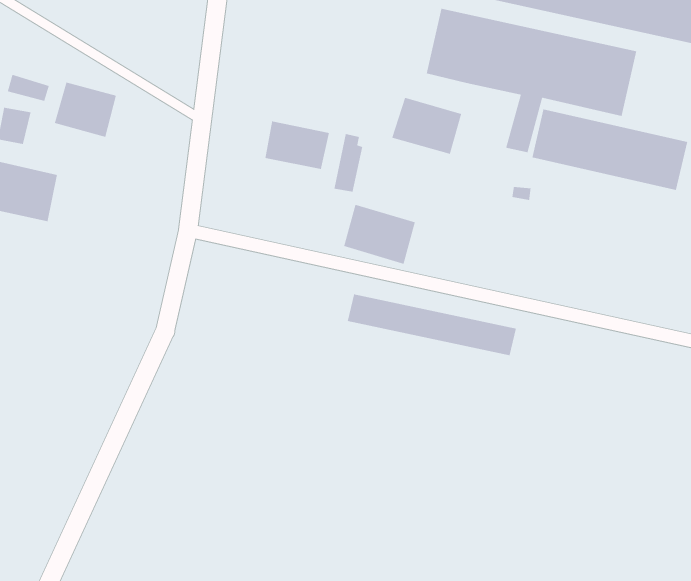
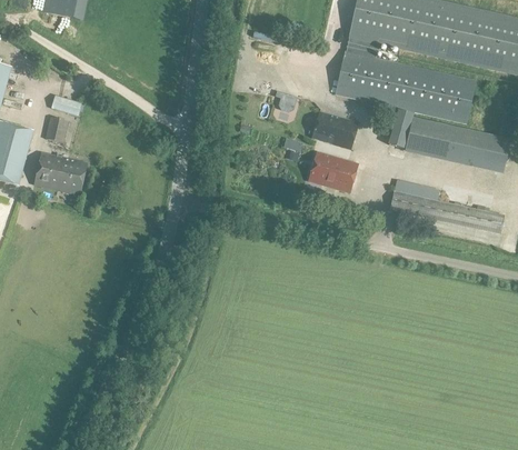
building: [54,82,117,138] -> none
building: [265,120,330,170] -> none
building: [343,204,416,265] -> [309,150,358,191]
building: [347,293,517,356] -> [390,190,505,232]

